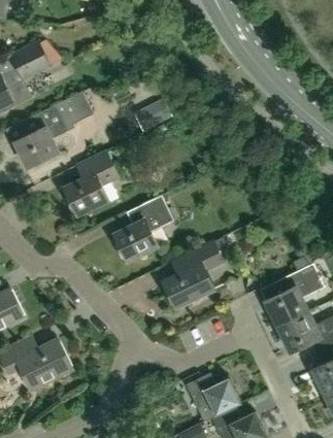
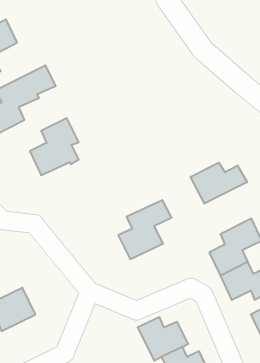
building: [133,98,172,131] -> none
building: [113,196,173,262] -> none
building: none -> [191,163,247,204]

